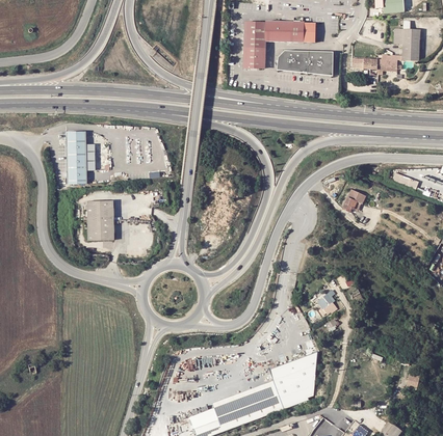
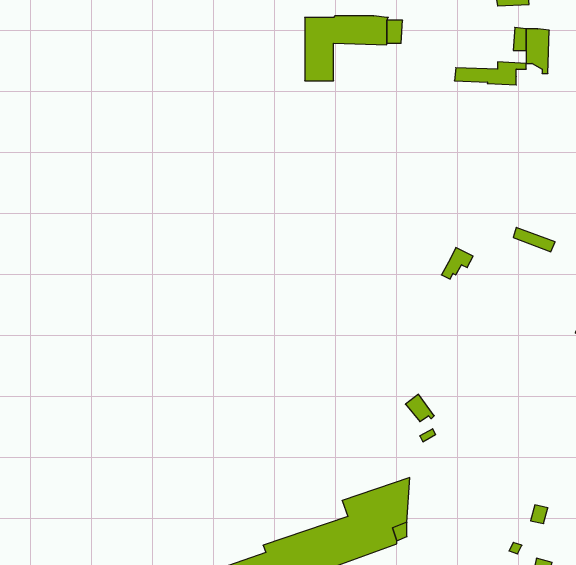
building: [279,51,334,76] -> none
building: [68,132,87,185] -> none
building: [88,200,115,241] -> none

